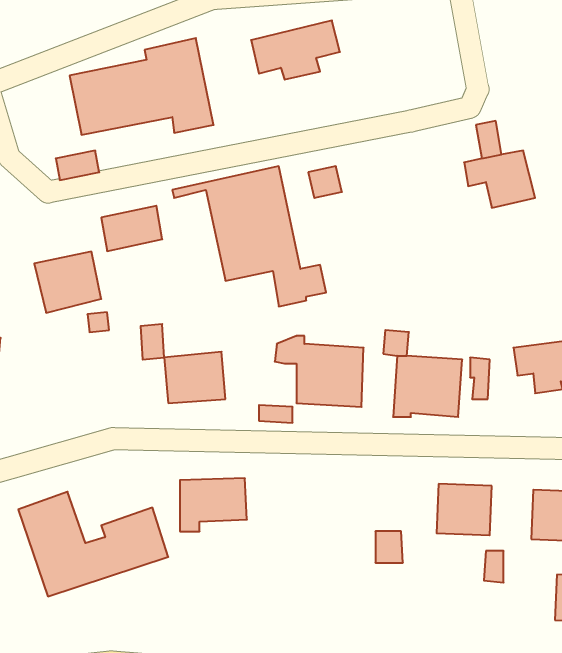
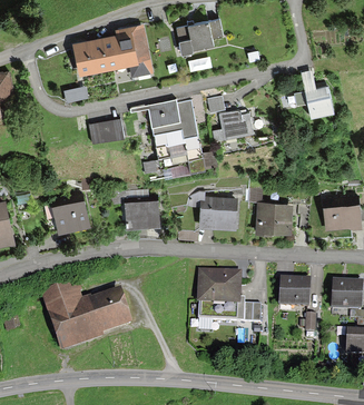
building: none -> [213,111,253,142]
building: [34,252,101,313] -> [52,202,90,237]
building: [180,478,247,531] -> [201,270,239,300]

